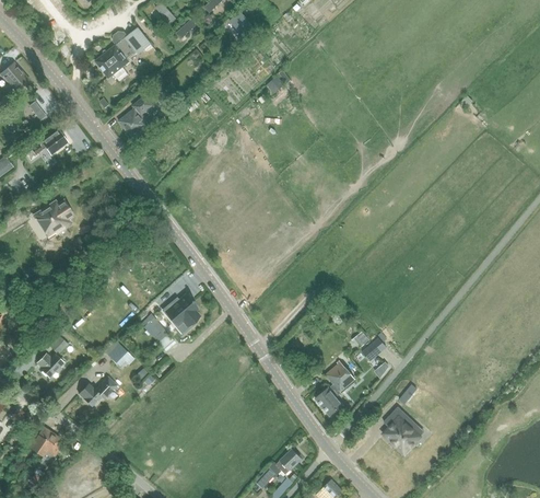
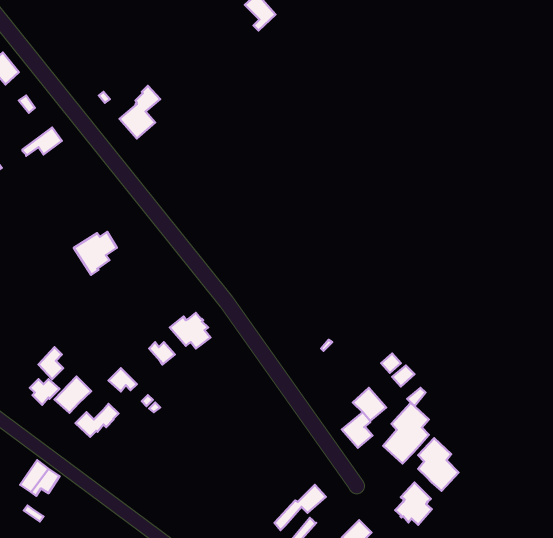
building: [95,26,151,78] -> none
building: [35,200,73,239] -> [74,232,117,275]
building: none -> [55,377,91,413]
building: none -> [383,403,429,464]
building: none -> [395,483,432,525]

